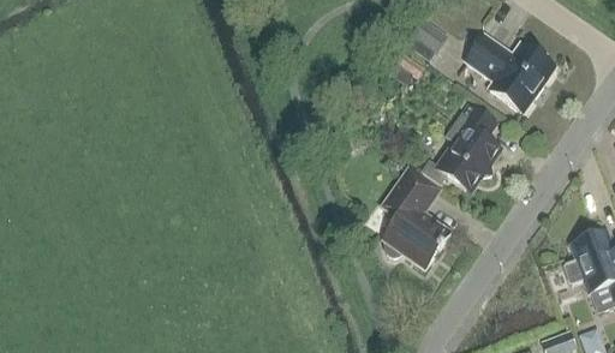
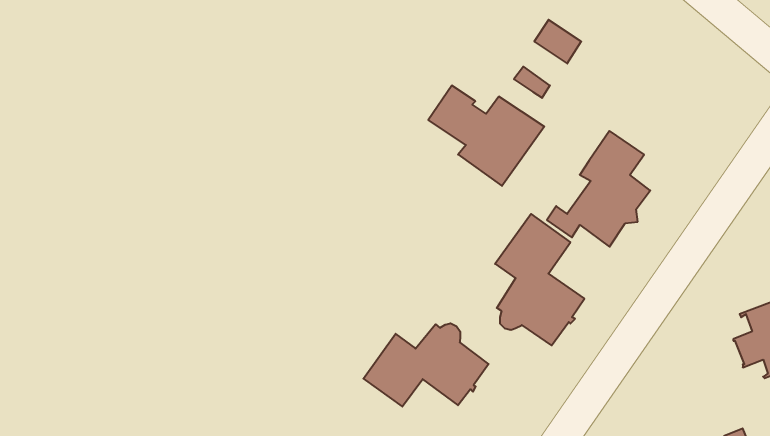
building: [465,35,554,112] -> [428,86,544,186]
building: none -> [363,323,489,407]

